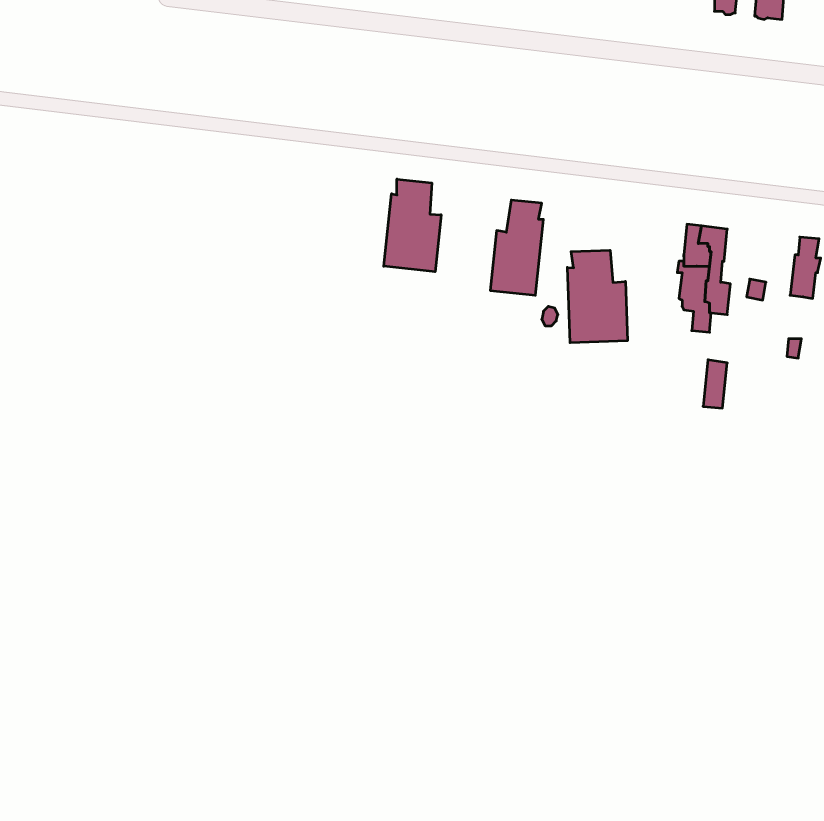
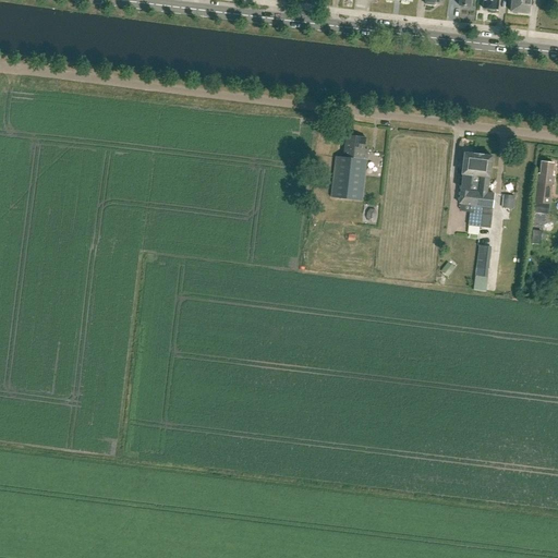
building: [384,179,441,272] -> none
building: [567,250,627,343] -> none

